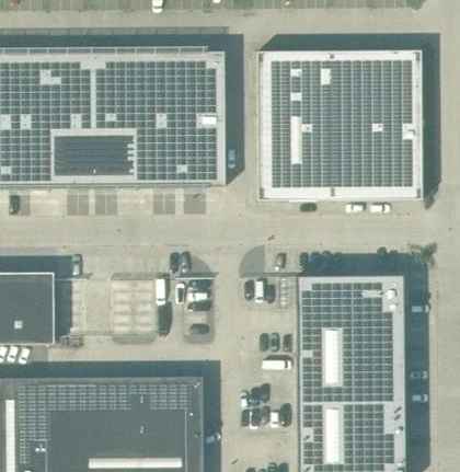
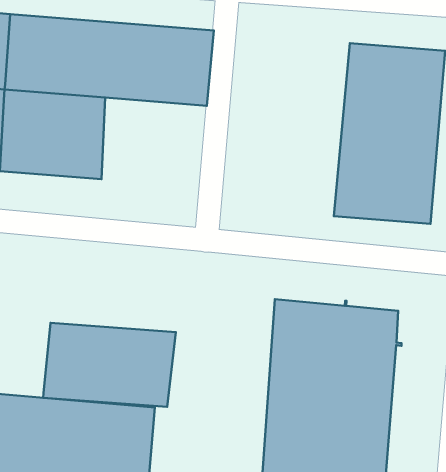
building: [257,50,340,200] -> none
building: [135,115,223,186] -> none
building: none -> [43,323,176,407]

